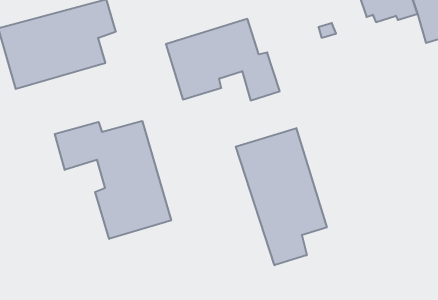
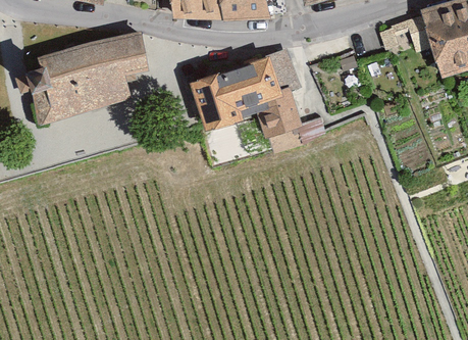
building: [55,121,171,239] -> none
building: [236,128,327,265] -> none

